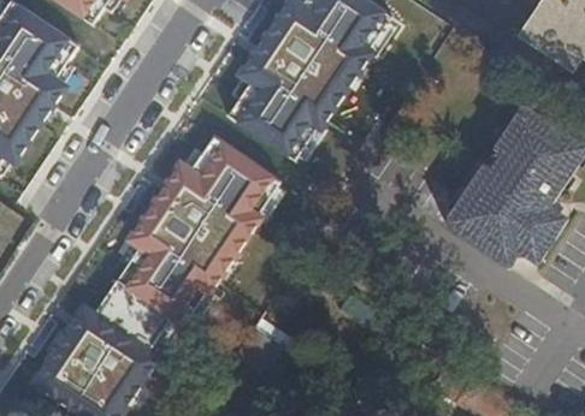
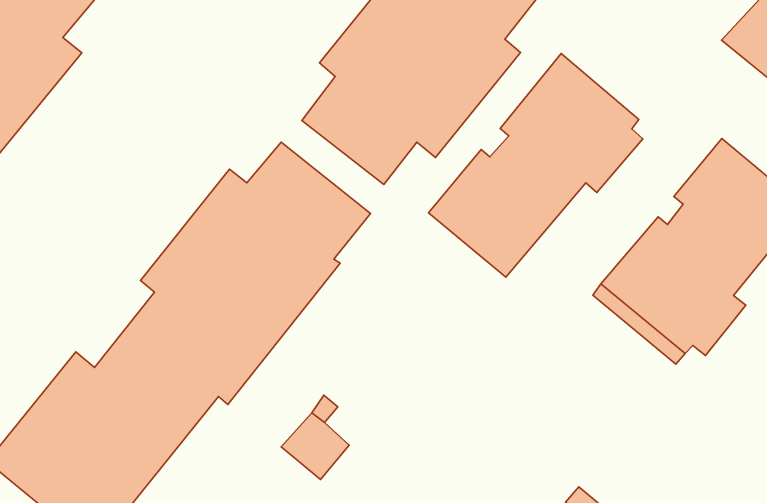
building: none -> [428,54,643,277]

